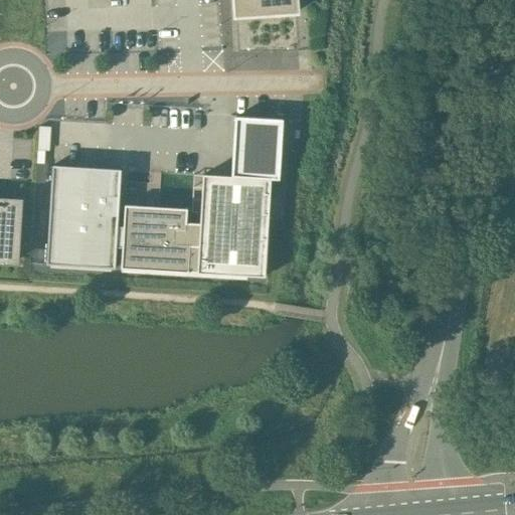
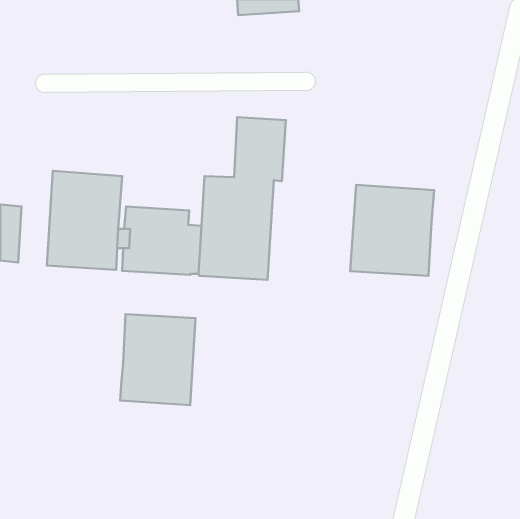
building: none -> [350,185,434,276]
building: none -> [120,314,196,405]

